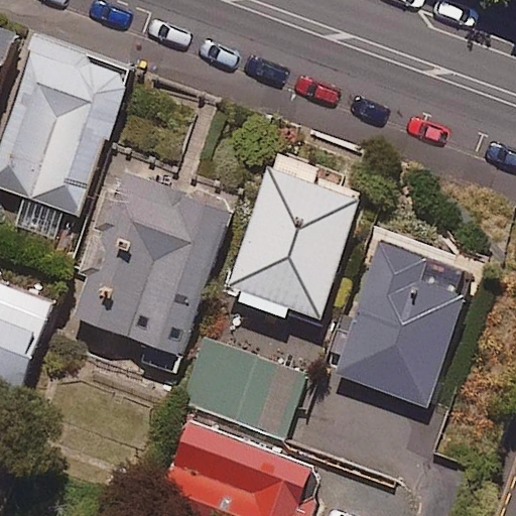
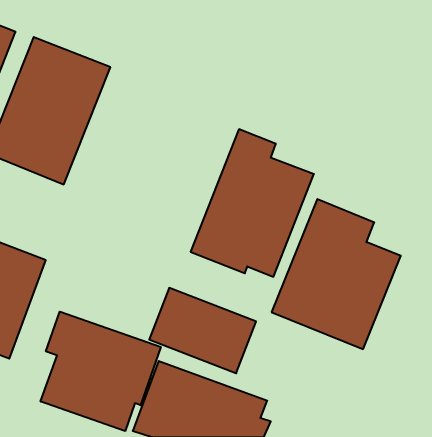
building: [66,168,230,372] -> none
building: none -> [41,312,161,431]

